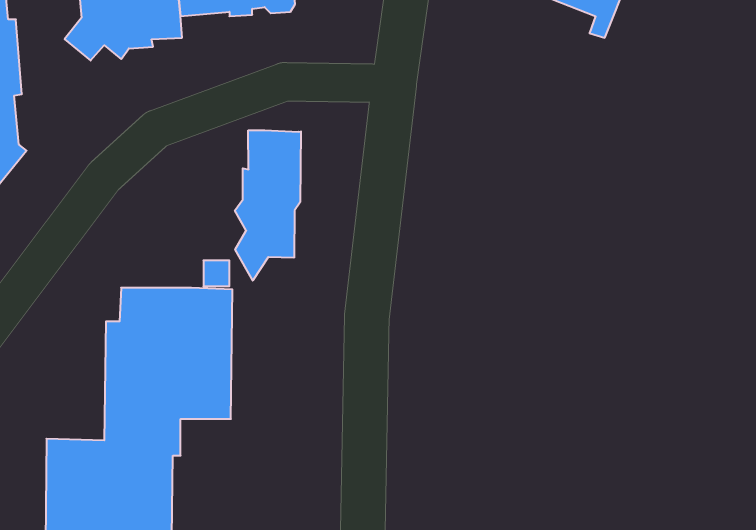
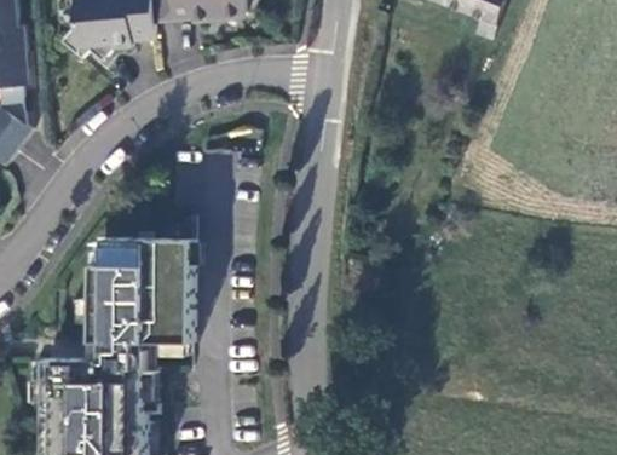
building: [235,130,301,281] -> none

